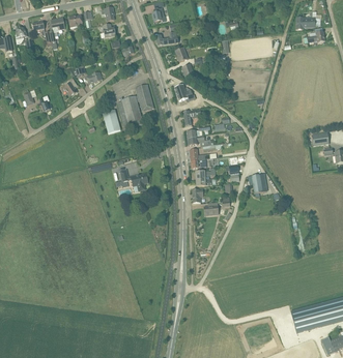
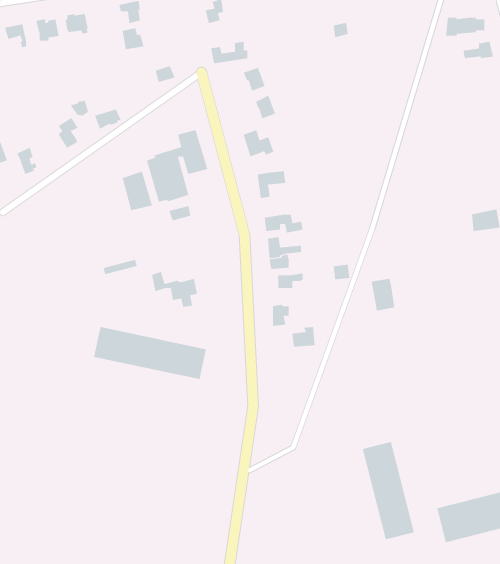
building: none -> [94,326,206,380]
building: none -> [362,441,415,540]

